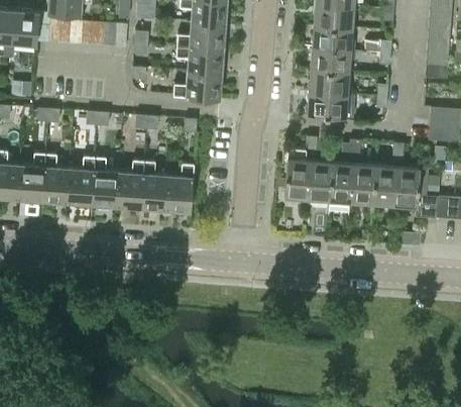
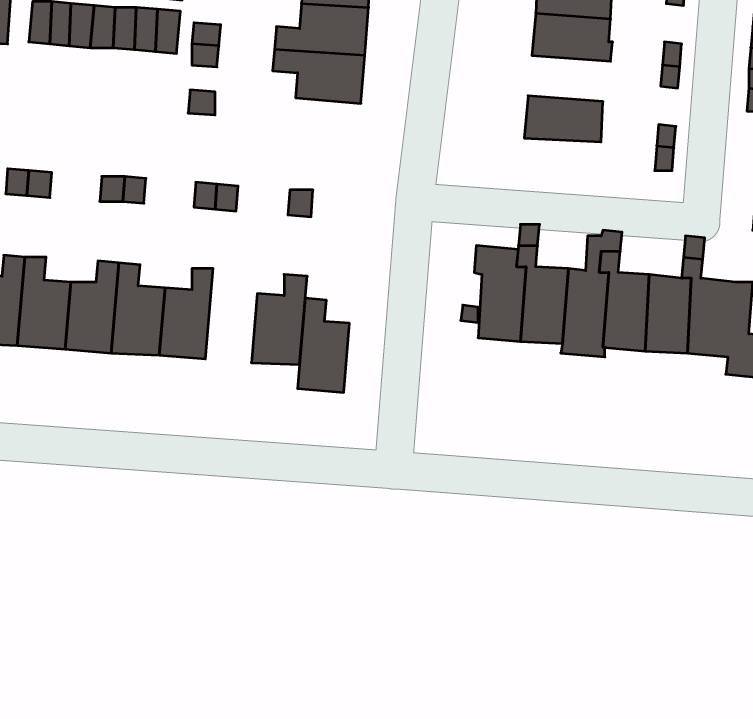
building: [311,48,354,73] -> none
building: [175,71,223,98] -> none
building: [308,92,355,117] -> none
building: [141,161,168,210] -> [298,298,349,392]

